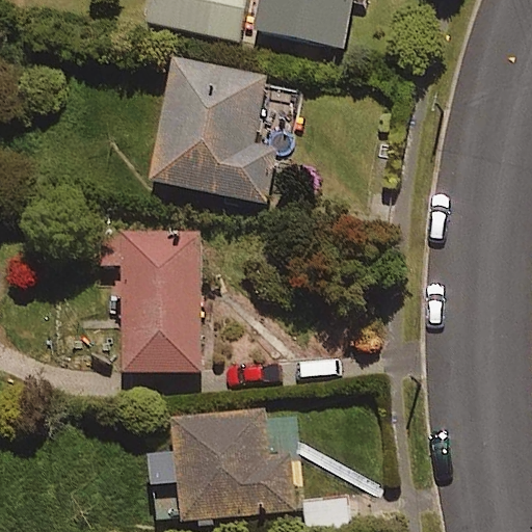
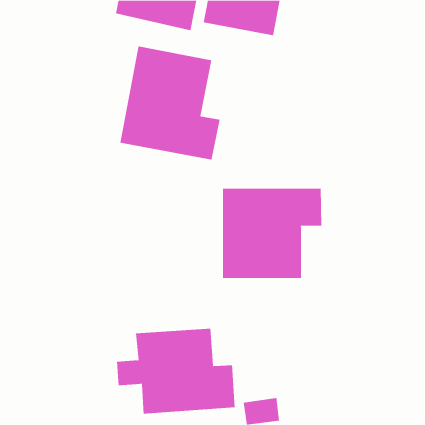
building: [102,230,201,371] -> none
building: none -> [223,188,322,279]

